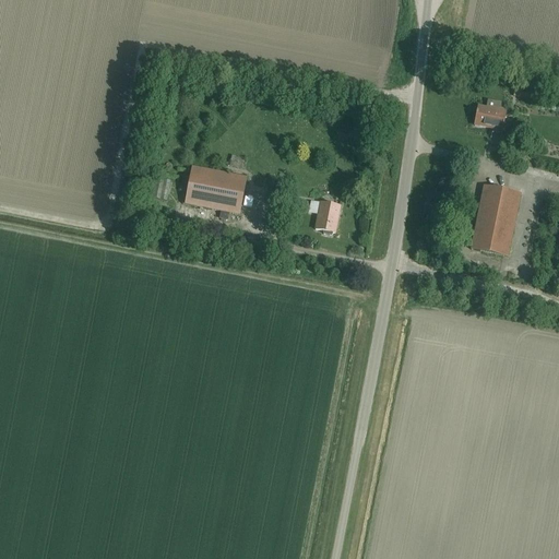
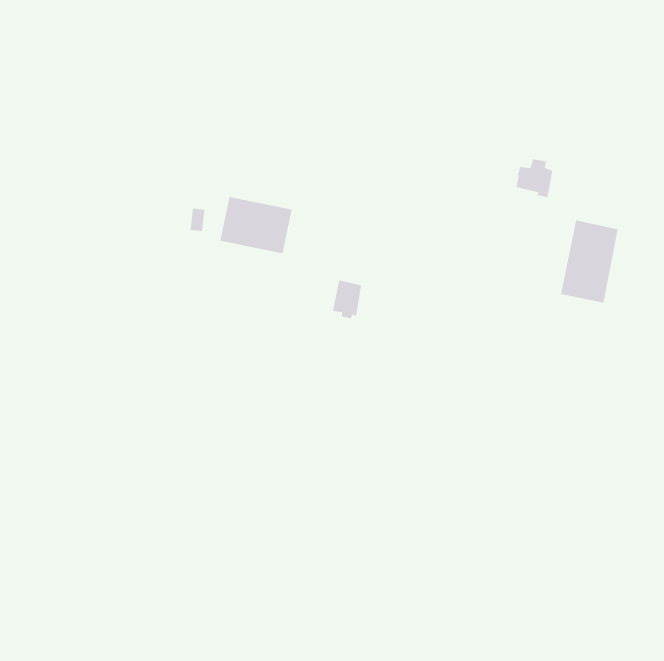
building: [474,98,506,131] -> [516,159,553,198]
building: [314,201,340,234] -> [332,280,362,319]

